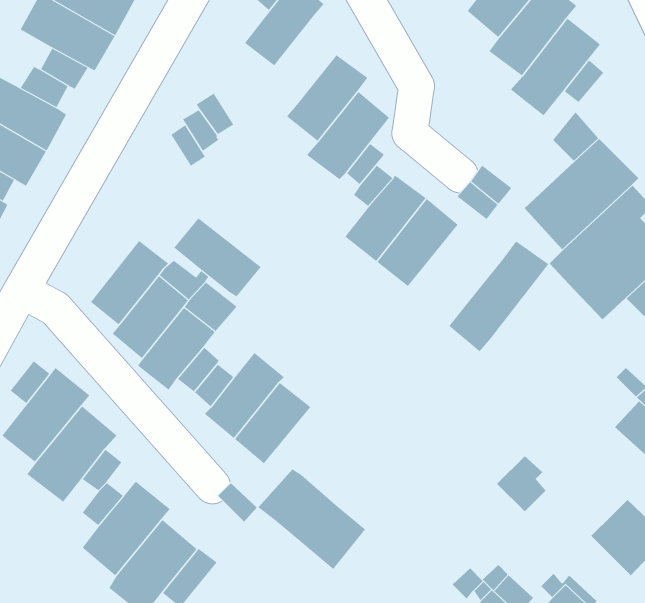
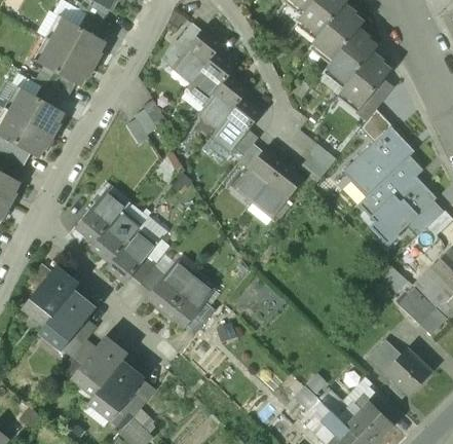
building: none -> [184,51,234,106]
building: [173,218,262,297] -> none
building: [448,240,549,352] -> none
building: [496,455,546,512] -> [367,336,398,371]
building: [258,468,366,570] -> none

